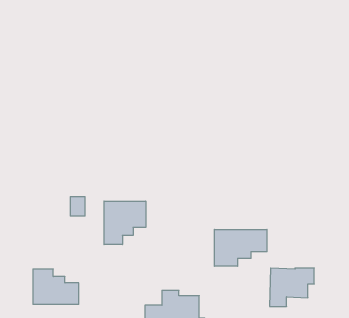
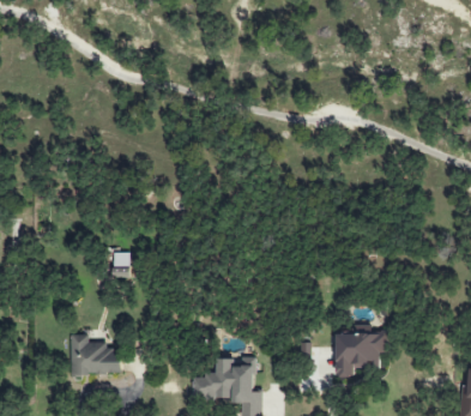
building: [104,201,146,245] -> none
building: [214,229,267,266] -> none

